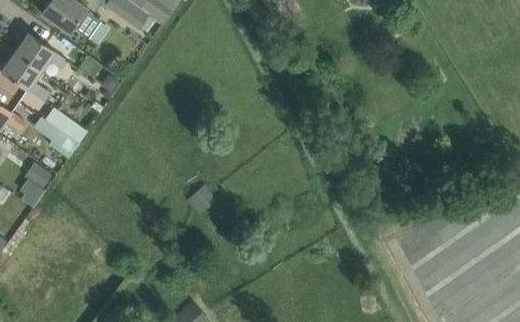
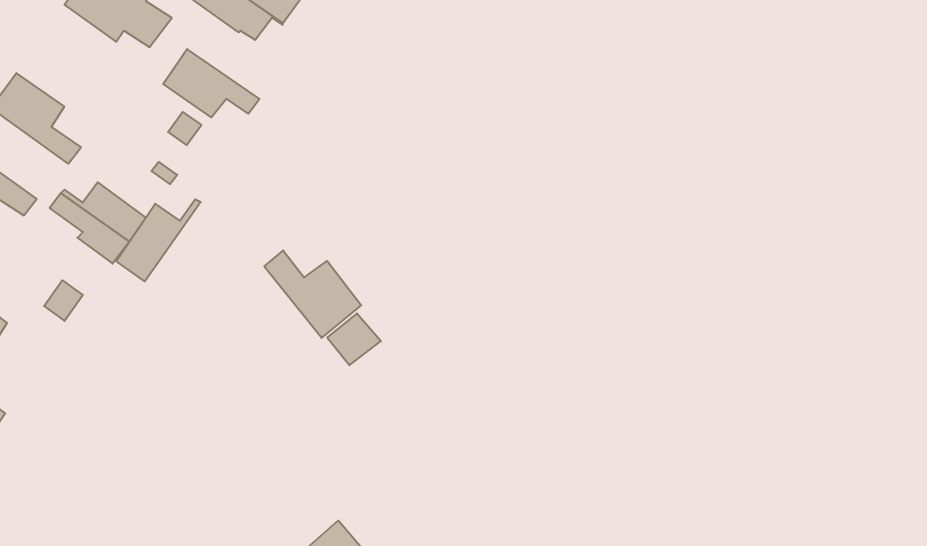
building: [14,33,68,71] -> [163,49,259,117]
building: none -> [116,199,201,281]
building: none -> [264,250,361,338]

